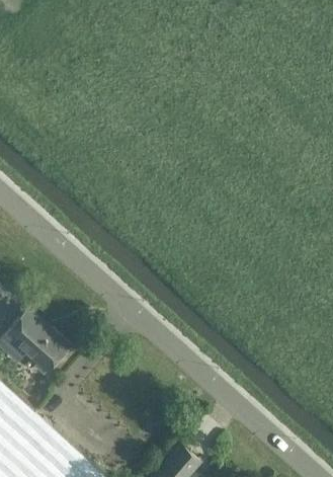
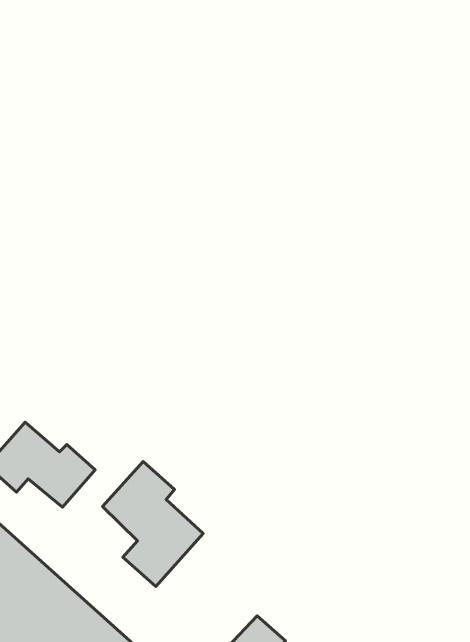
building: none -> [102,462,203,587]

